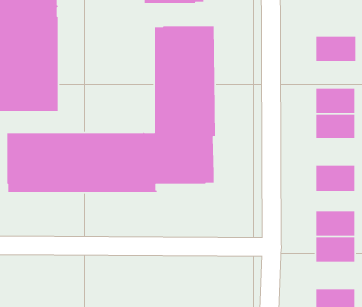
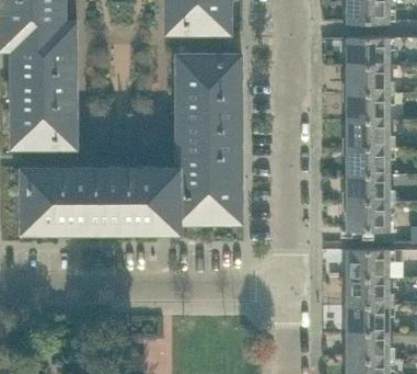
building: none -> [347,38,390,66]
building: none -> [347,93,390,121]
building: none -> [347,174,389,202]
building: none -> [347,305,389,332]

